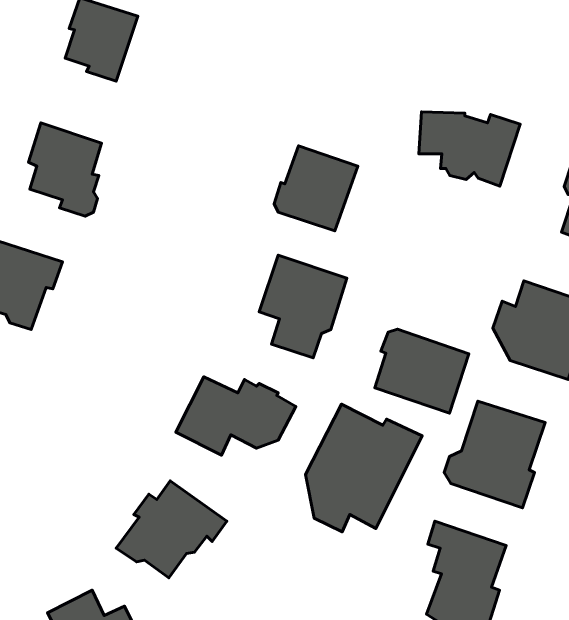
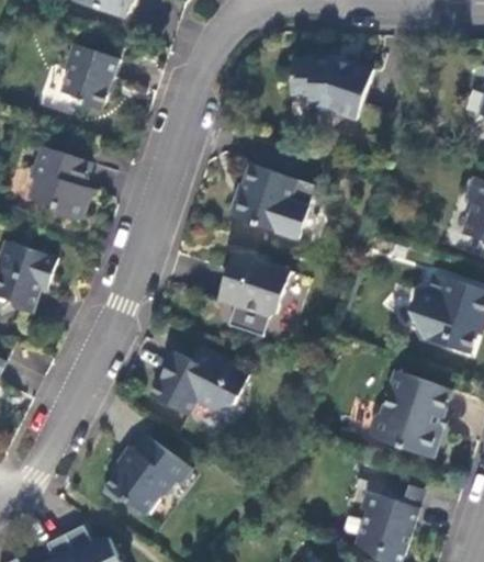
building: [419,112,520,186] -> [292,59,374,120]
building: [375,329,469,413] -> none
building: [305,404,422,532] -> none

